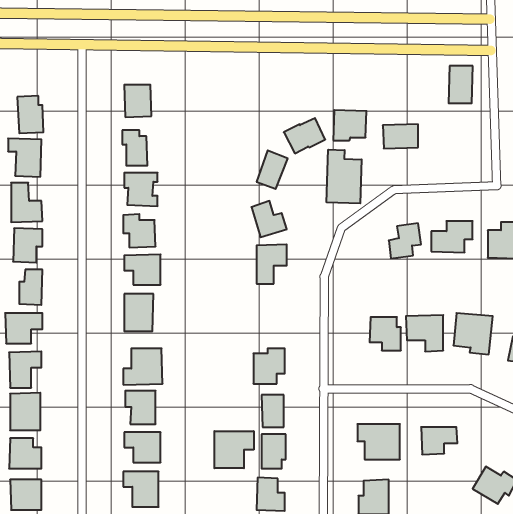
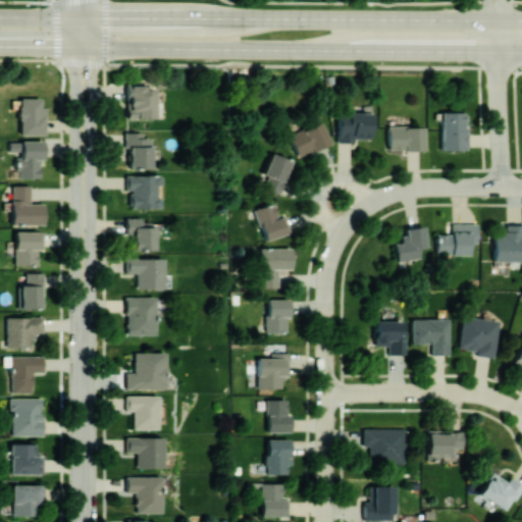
building: [449,66,473,103] -> [442,113,467,151]
building: [327,150,362,203] -> none
building: none -> [268,301,290,333]
building: [214,431,254,468] -> none

